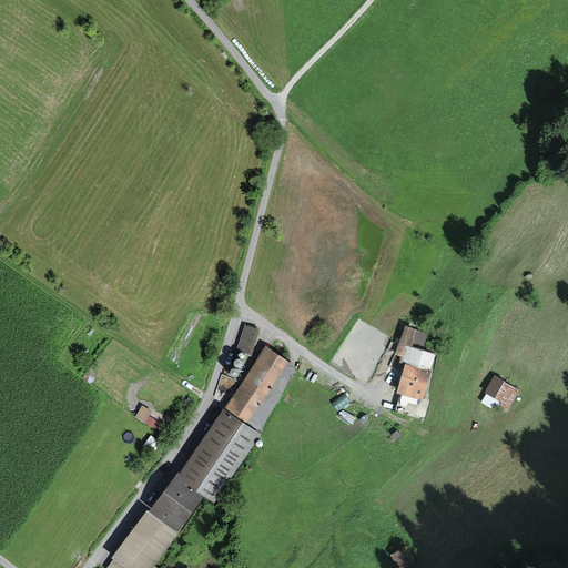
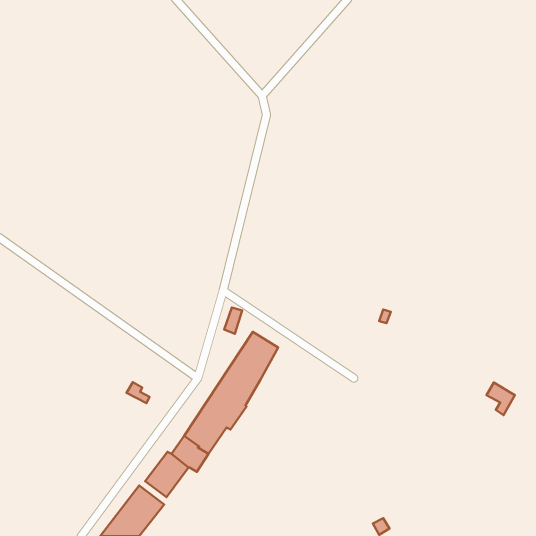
building: [398,347,430,395] -> none
building: [486,376,516,410] -> [486,382,515,415]

